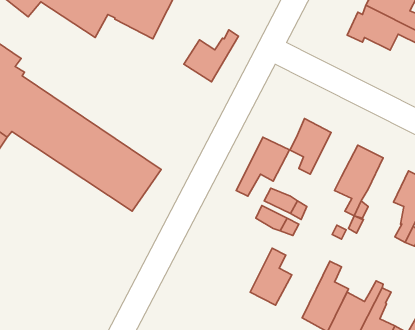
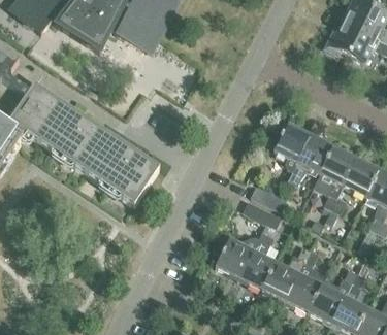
building: [184,30,239,82] -> none
building: [236,137,289,196] -> [288,135,335,188]
building: none -> [345,158,381,197]
building: none -> [212,229,259,277]
building: none -> [262,244,311,300]

